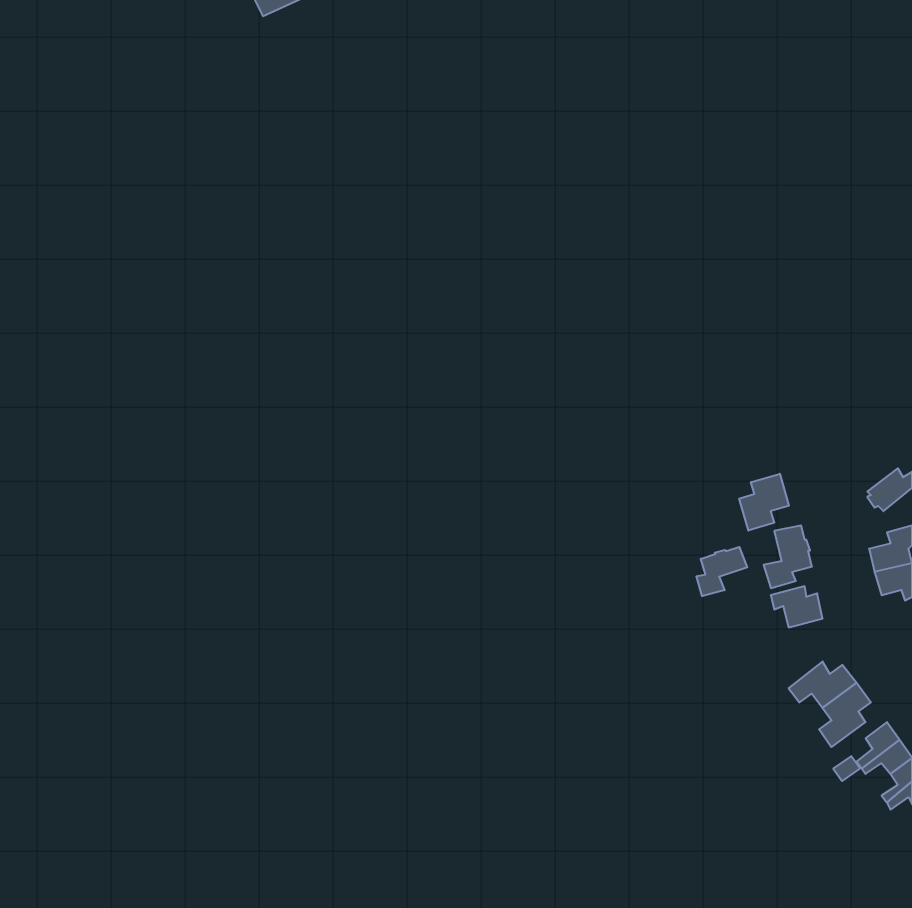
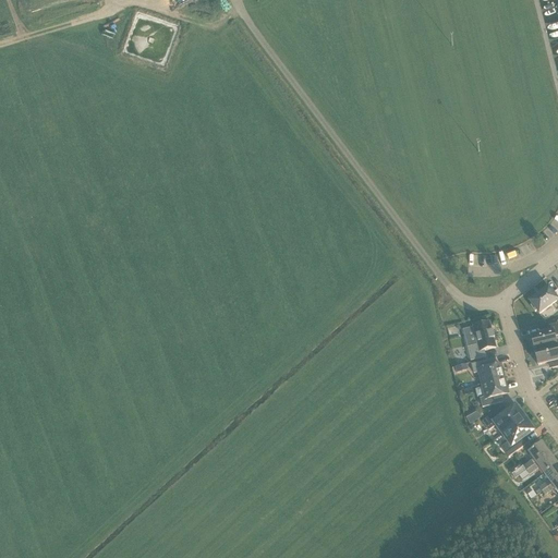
building: [739,474,789,531] -> none
building: [696,547,747,596] -> none
building: none -> [478,377,506,405]

